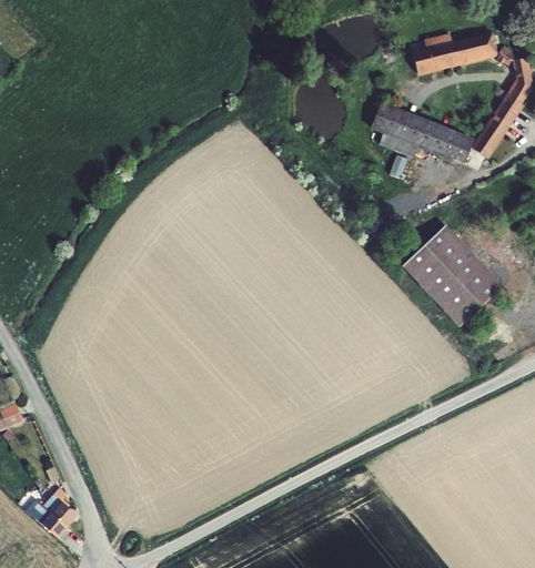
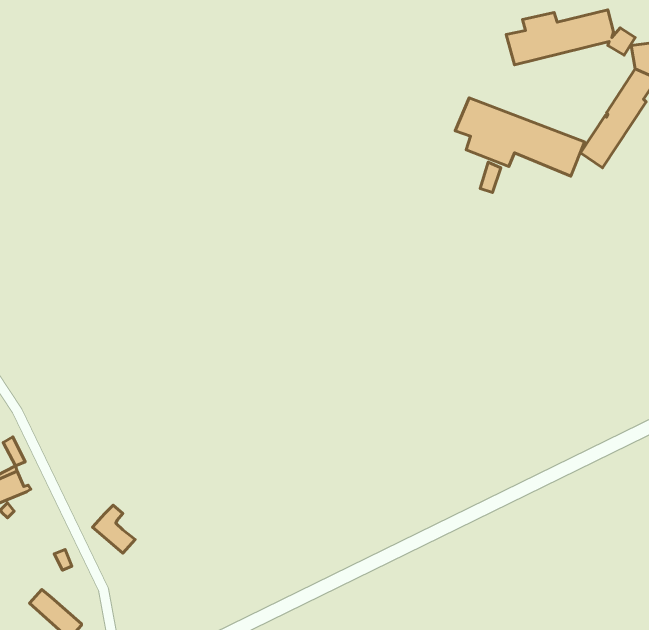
building: [404,225,505,327] -> none
building: [43,487,78,526] -> [93,505,135,553]

